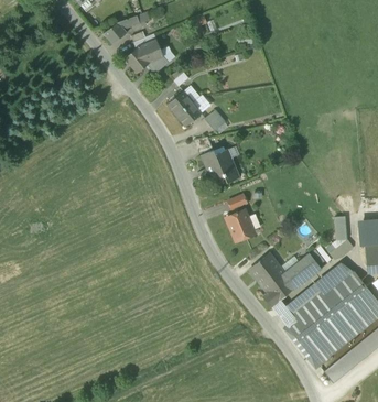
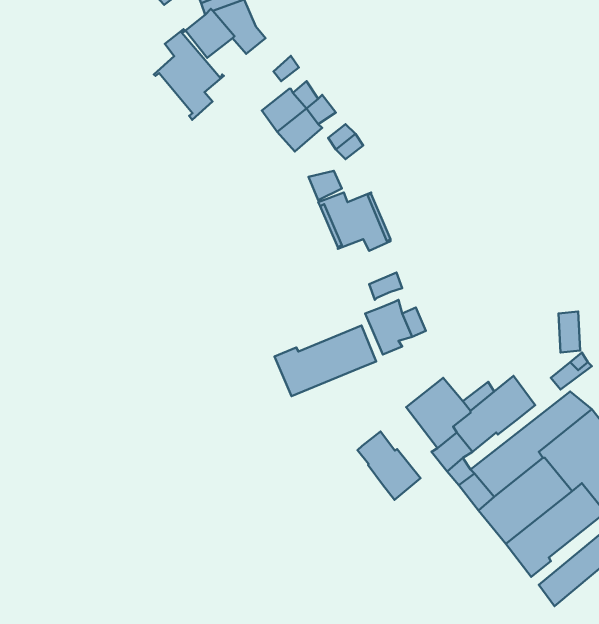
building: none -> [154,29,224,120]
building: none -> [274,325,376,396]
building: none -> [358,431,420,500]

